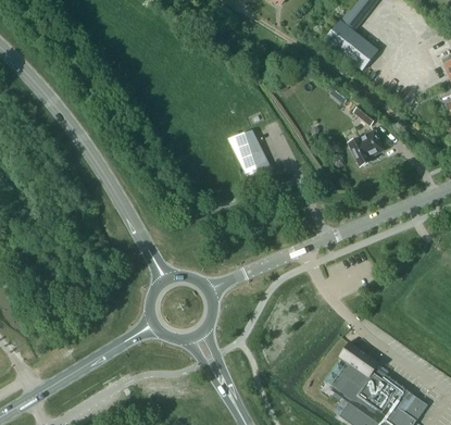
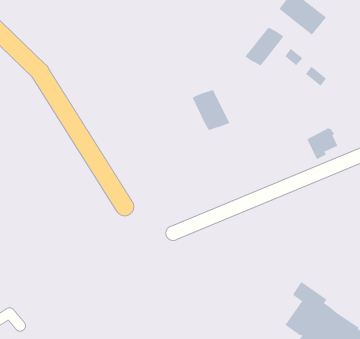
building: none -> [244,27,284,66]
building: [349,129,384,165] -> [307,127,338,160]

